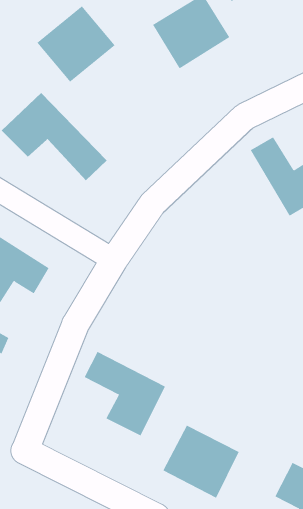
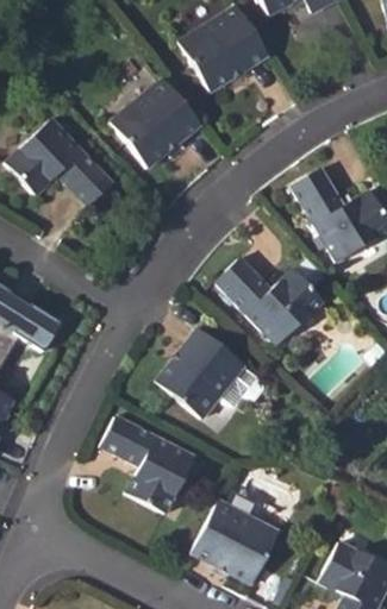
building: [37,6,115,82] -> [111,79,201,167]
building: none -> [214,257,323,344]
building: none -> [155,327,263,417]

